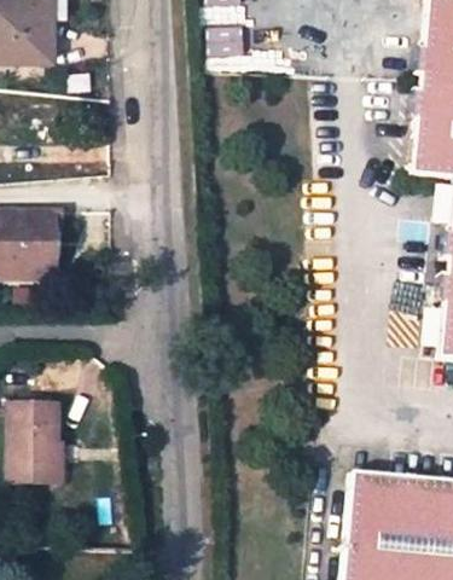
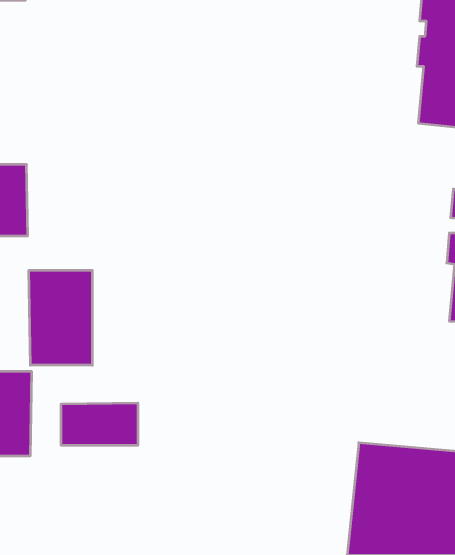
building: none -> [29,270,92,365]
building: none -> [61,403,138,445]

